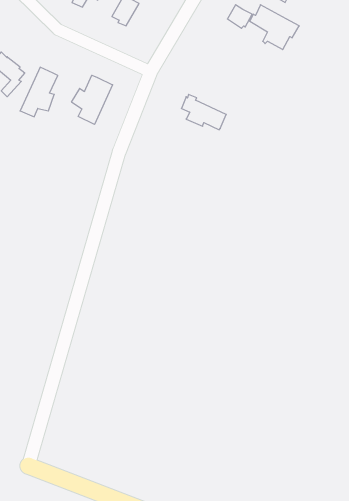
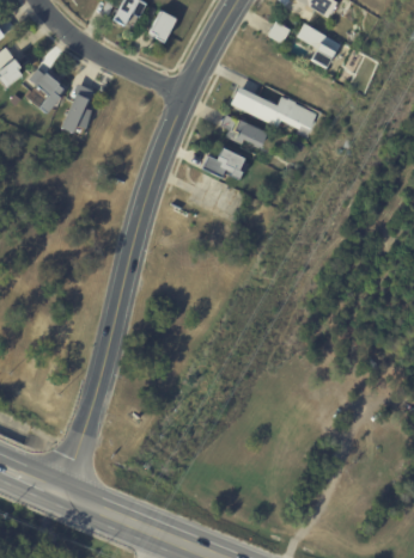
building: none -> [231,86,319,136]
building: [72,75,113,124] -> none
building: none -> [202,146,244,177]

